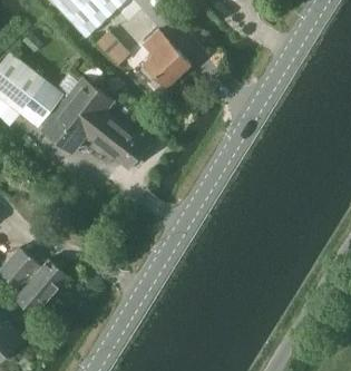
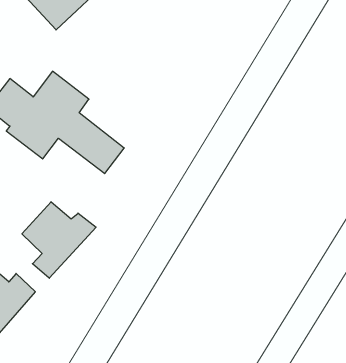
building: [142,28,191,86] -> none
building: none -> [22,202,96,278]

